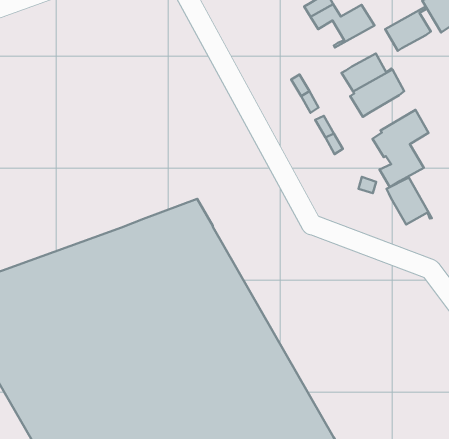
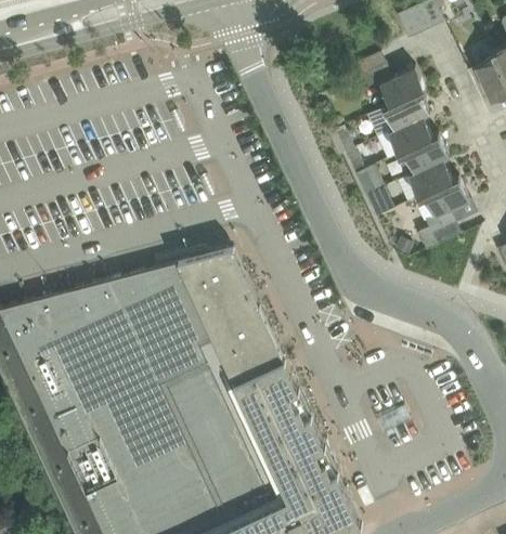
building: [385,7,431,51] -> [384,90,429,131]
building: none -> [412,161,458,195]
building: [386,177,432,225] -> none

